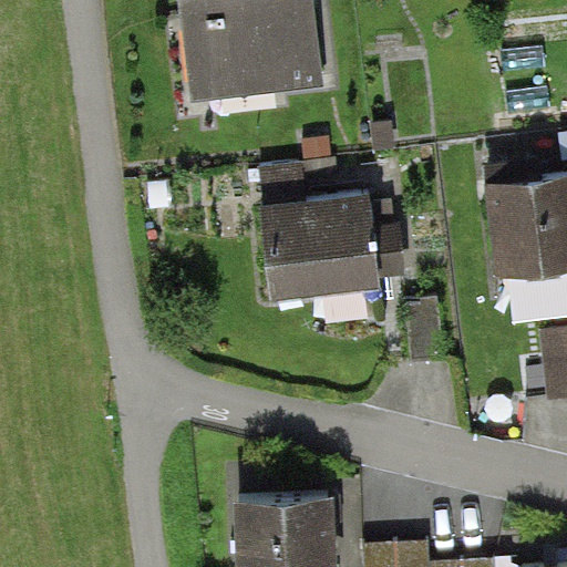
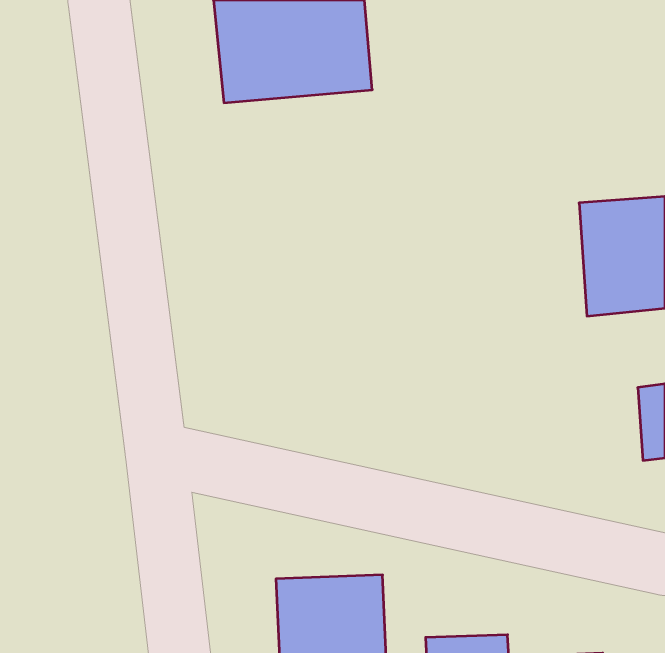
building: [261,199,386,296] -> none

